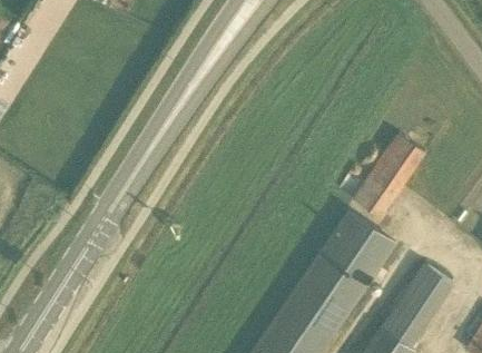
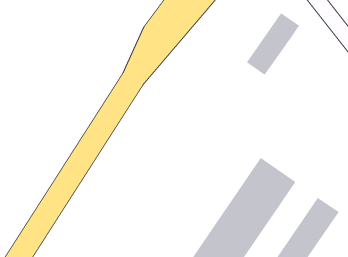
building: [352,135,424,219] -> [246,12,300,76]

